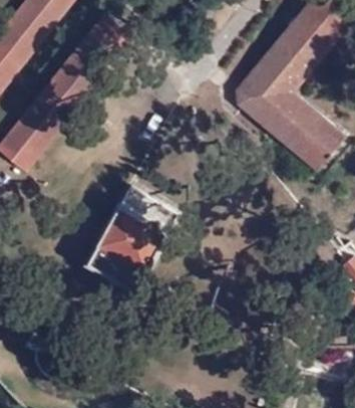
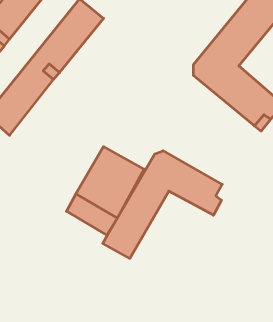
building: none -> [103,151,222,258]

